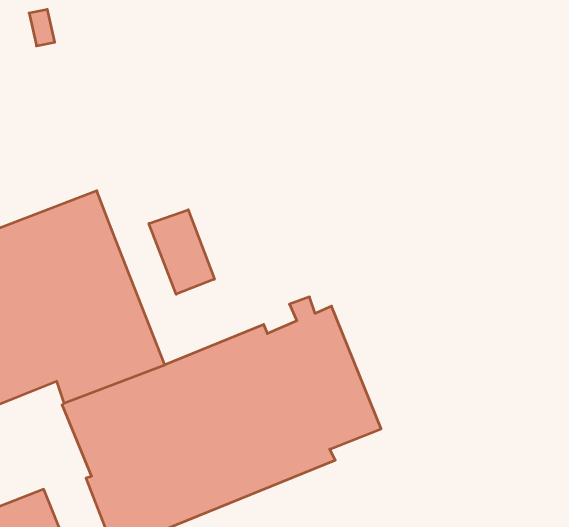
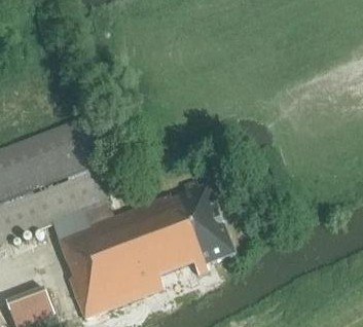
building: [149,210,214,294] -> none

